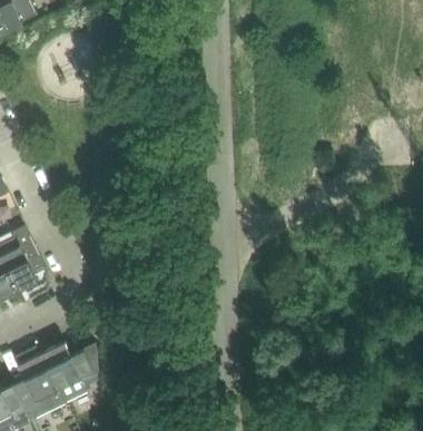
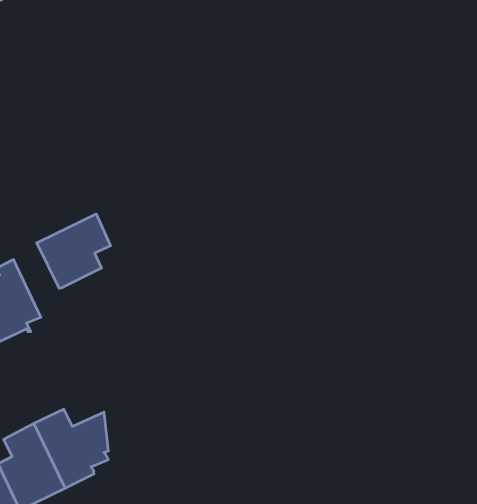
building: none -> [37,214,111,288]

